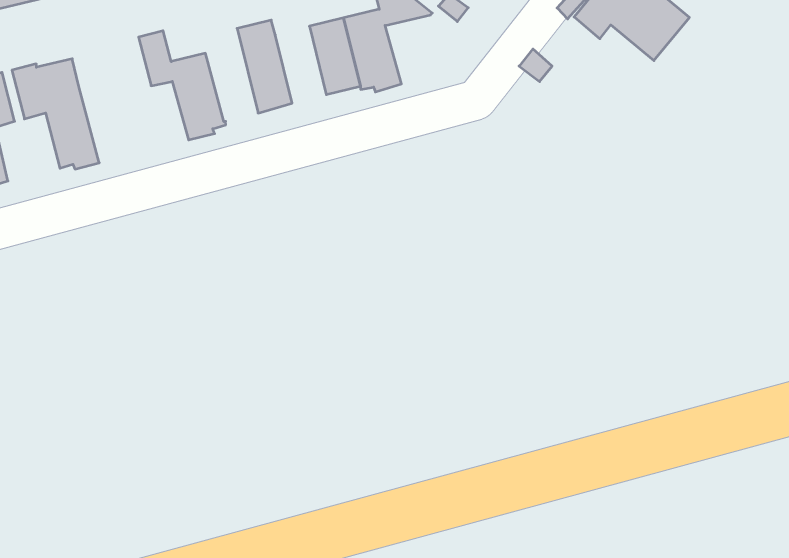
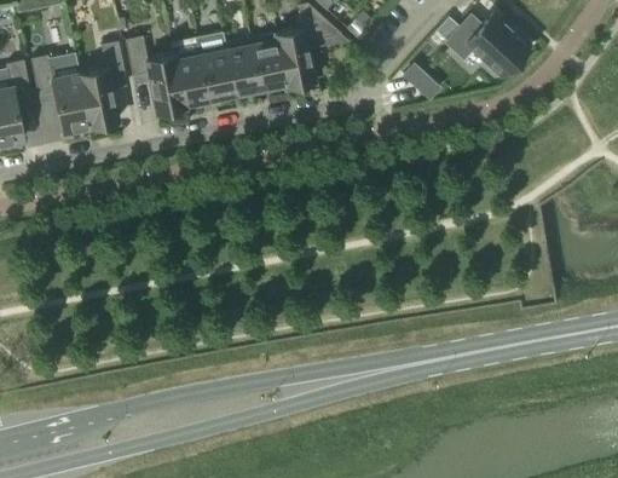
building: none -> [226,40,261,96]
building: none -> [172,39,210,106]
building: none -> [80,42,126,132]

